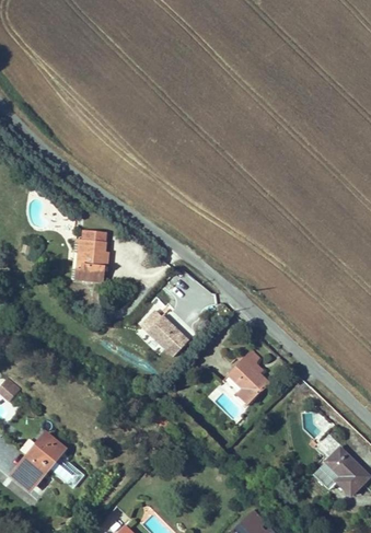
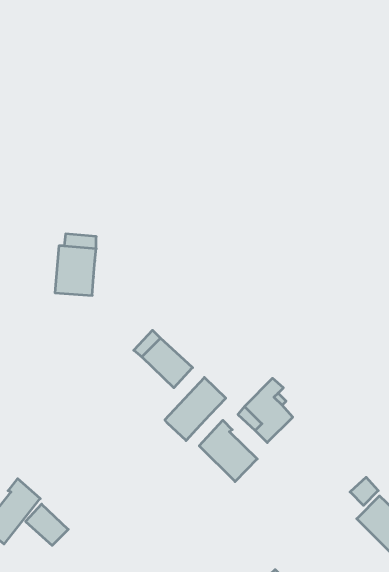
building: none -> [165,377,226,441]
building: none -> [199,420,257,482]

